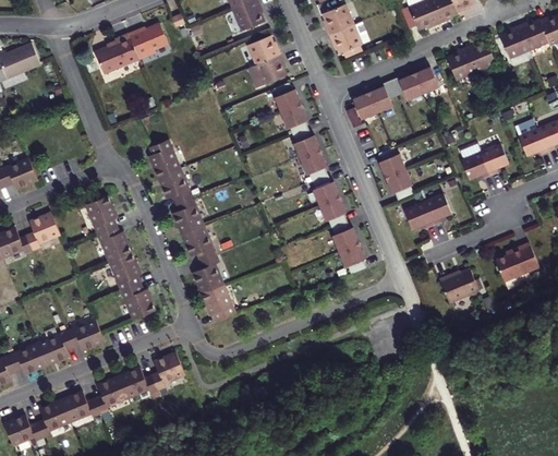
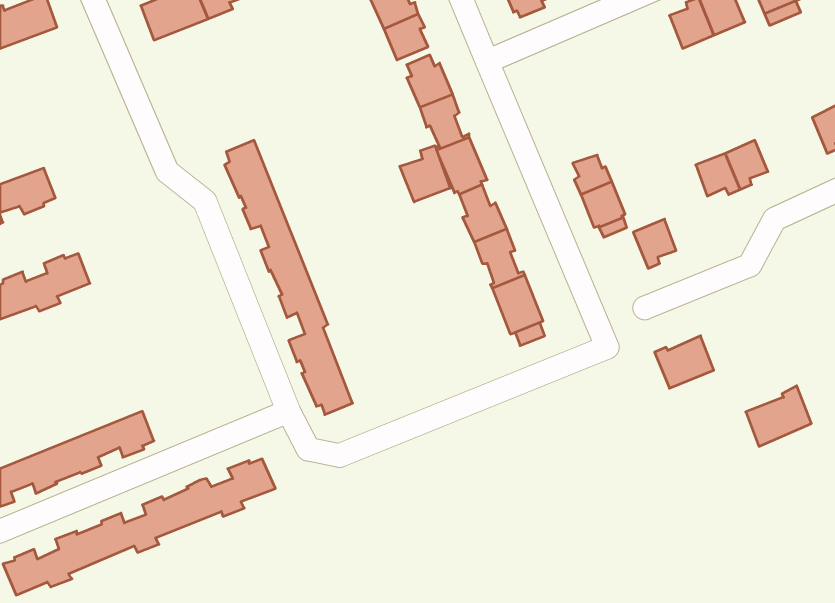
building: [356,68,441,121] -> none
building: [520,125,550,154] -> none
building: none -> [400,146,450,202]
building: [87,197,156,323] -> none
building: [402,202,432,230] -> none
building: [490,244,534,285] -> [746,386,811,446]

